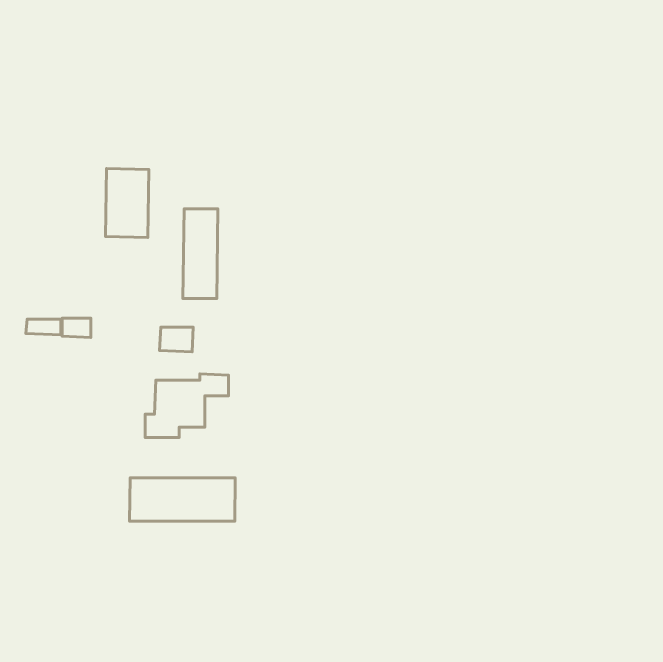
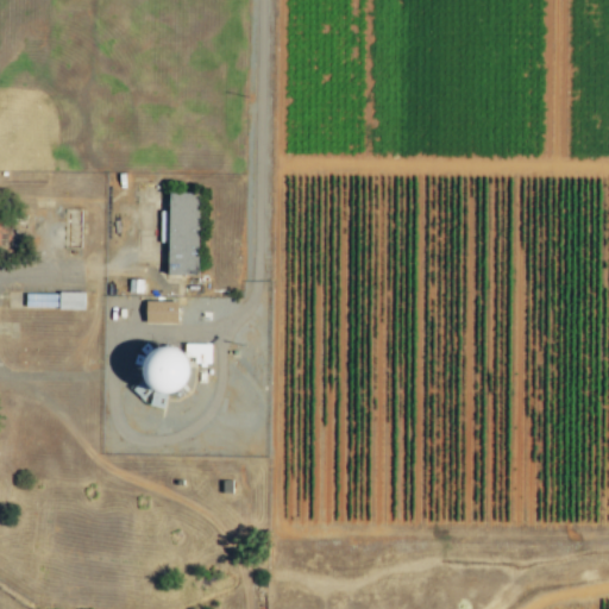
building: [106,169,149,237] -> none
building: [129,478,235,521] -> none

